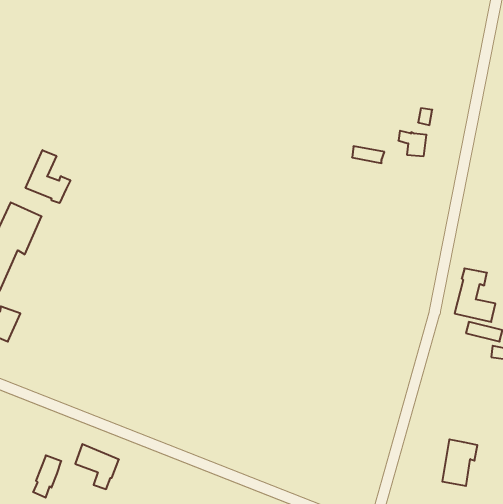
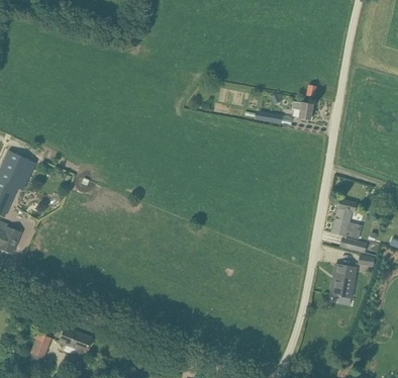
building: [26,150,70,203] -> none
building: [442,439,477,486] -> [330,263,356,296]

